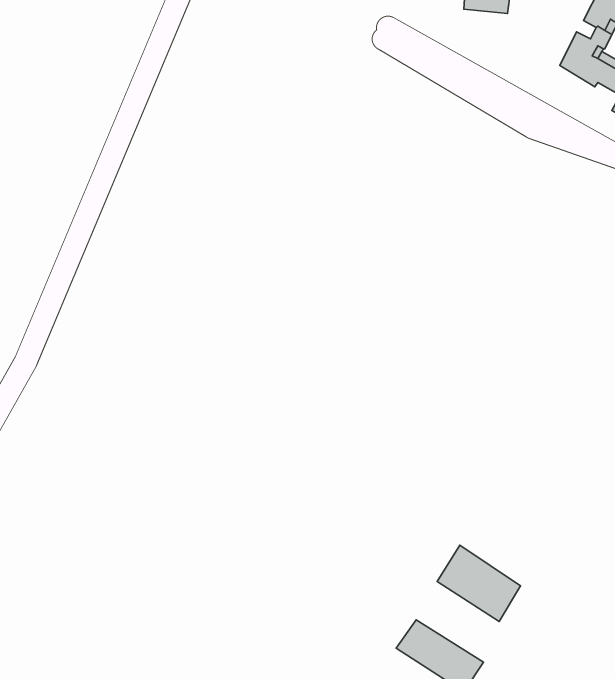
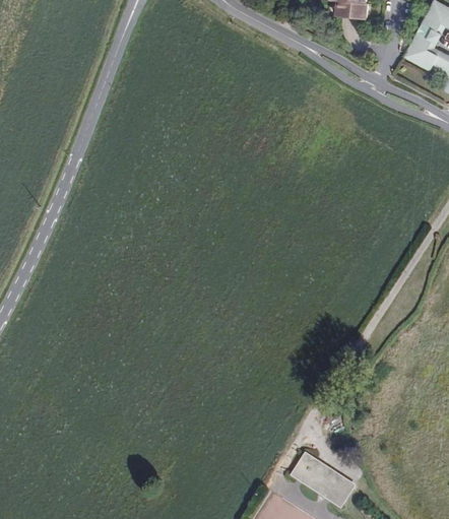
building: [437,545,521,621] -> none

